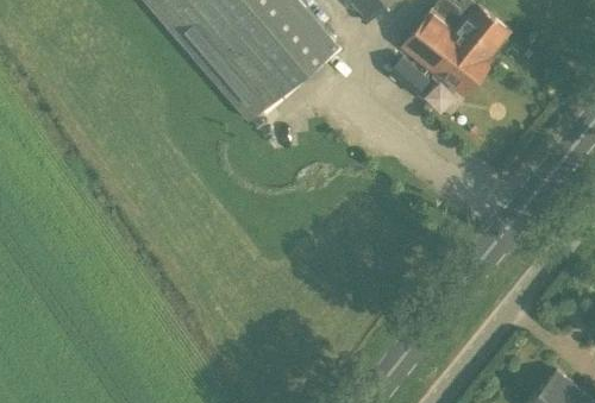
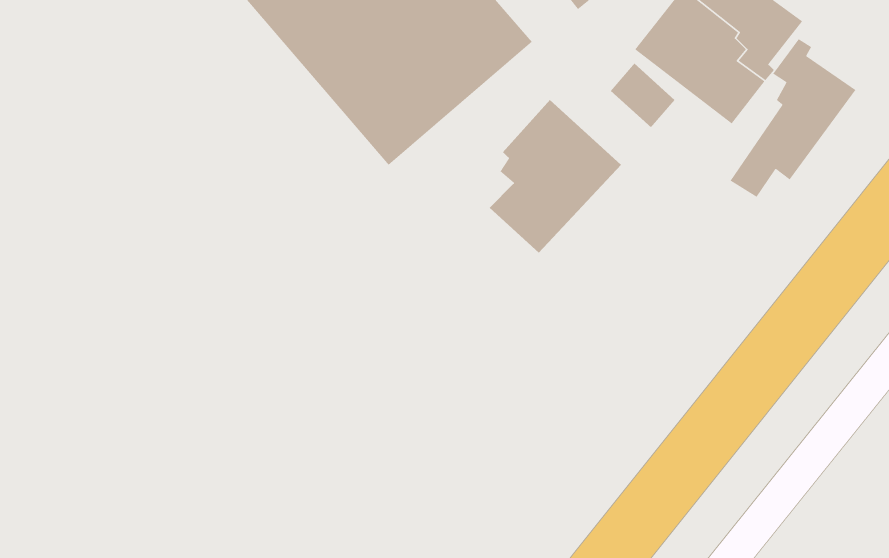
building: none -> [730,38,857,198]
building: none -> [489,99,622,254]

